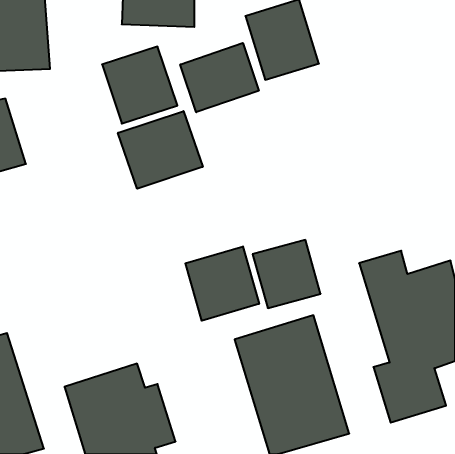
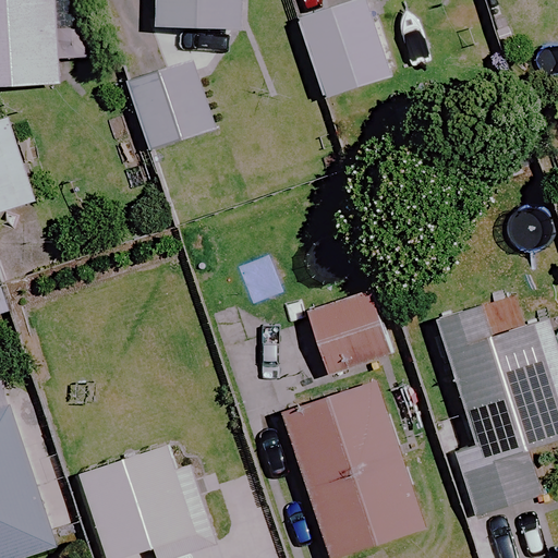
building: [180,43,259,112] -> none
building: [118,111,203,189] -> none
building: [185,246,259,321] -> none

